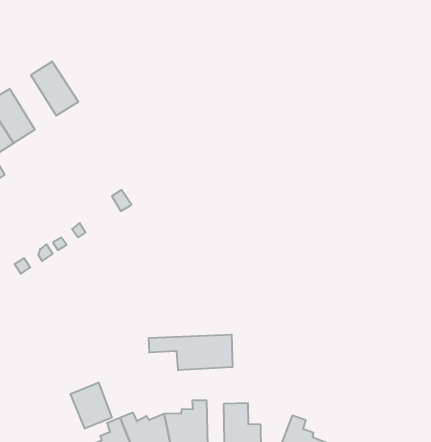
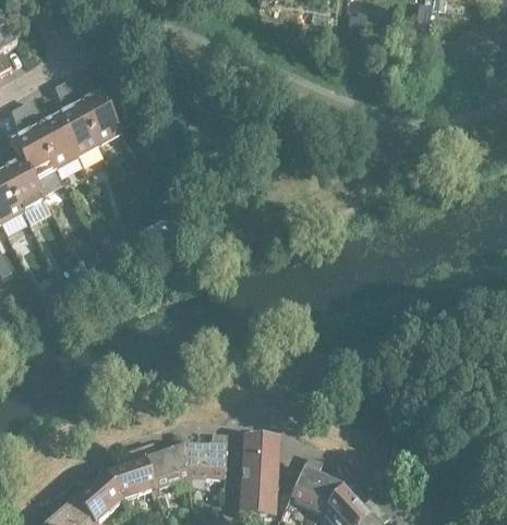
building: none -> [56,103,99,157]
building: [149,334,233,370] -> none
building: [70,382,112,429] -> none

